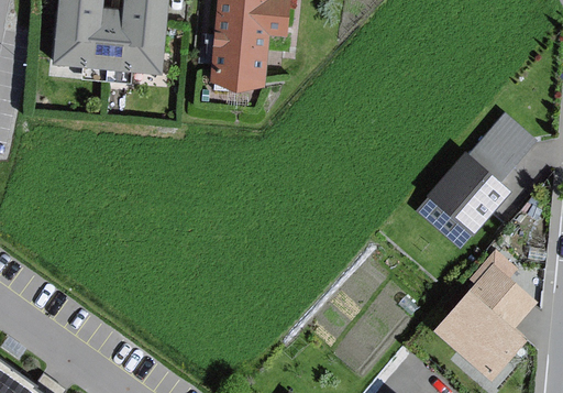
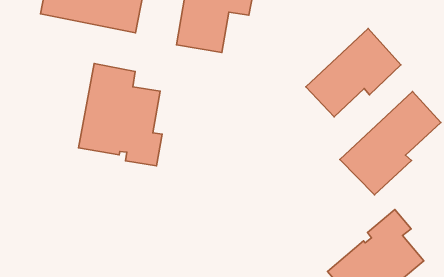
building: none -> [306,28,401,117]
building: none -> [79,64,162,166]

